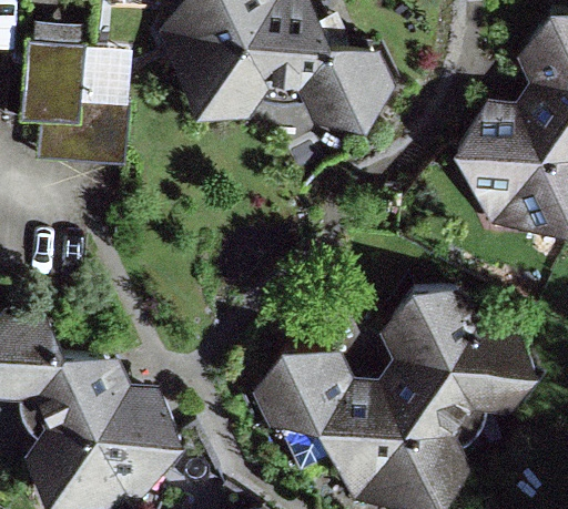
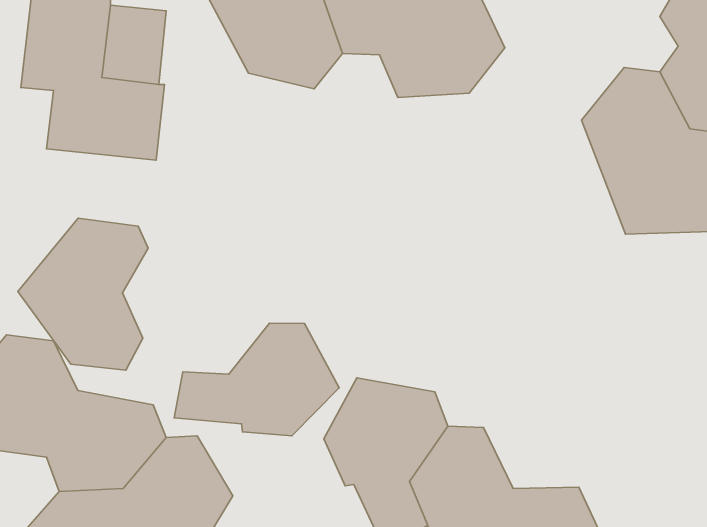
building: none -> [18,218,148,370]
building: [379,279,538,430] -> none
building: none -> [174,323,339,436]

